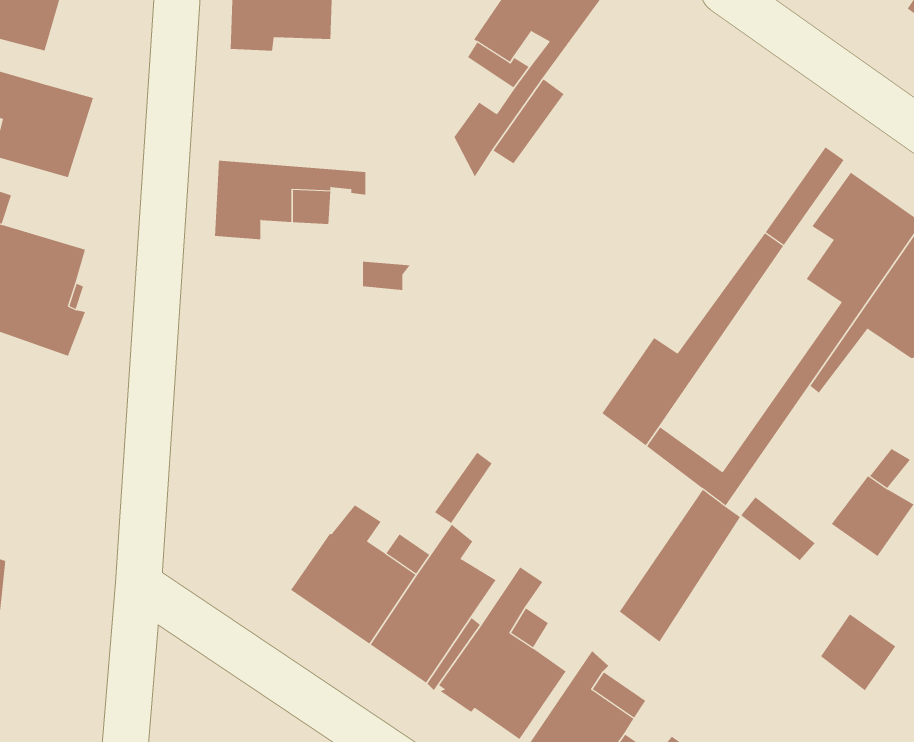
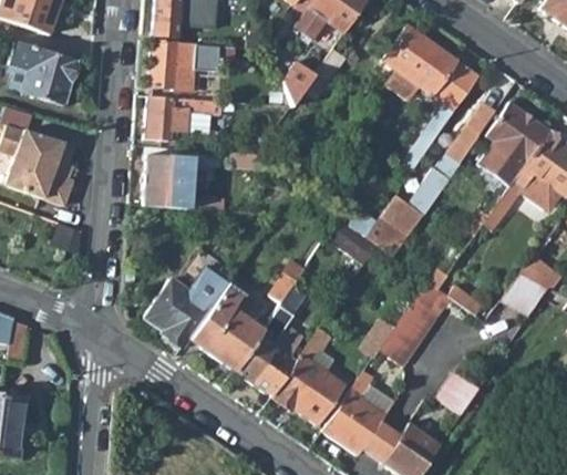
building: none -> [383,24,481,161]
building: none -> [151,39,225,86]
building: none -> [143,154,220,209]
building: none -> [326,217,377,265]
building: none -> [144,266,228,348]
building: [820,613,896,691] -> [435,372,478,416]

